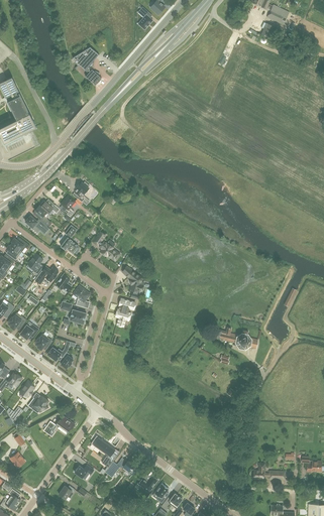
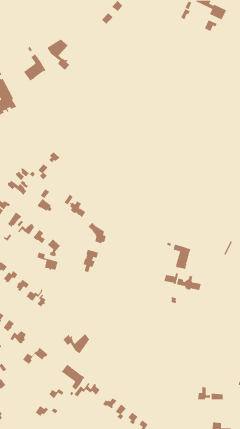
building: none -> [23,46,47,82]
building: none -> [167,242,191,270]
building: none -> [63,333,90,354]

